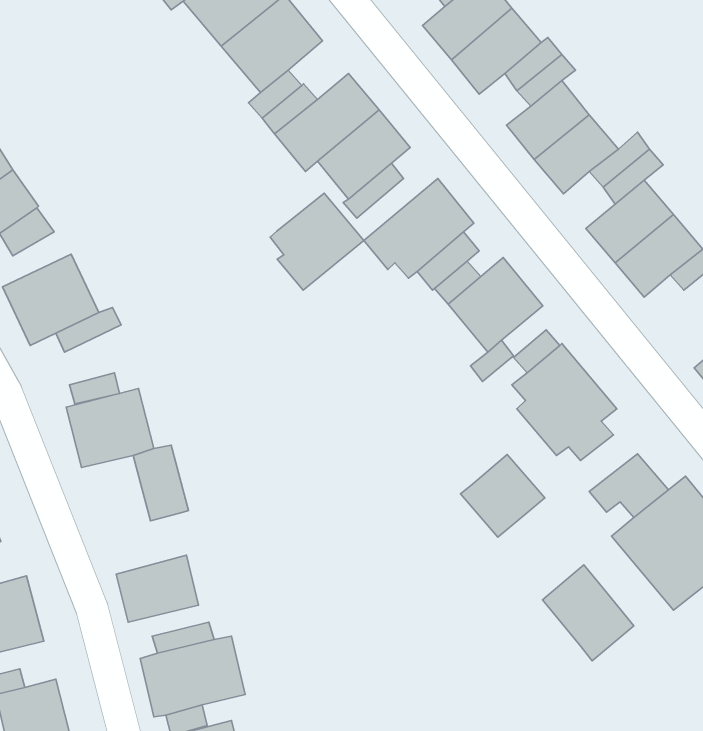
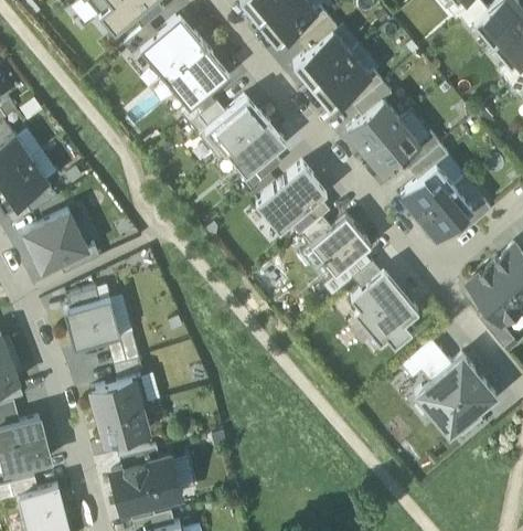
building: [270,193,364,290] -> none
building: [460,454,545,537] -> none
building: none -> [90,378,148,417]
building: [542,565,634,661] -> none

